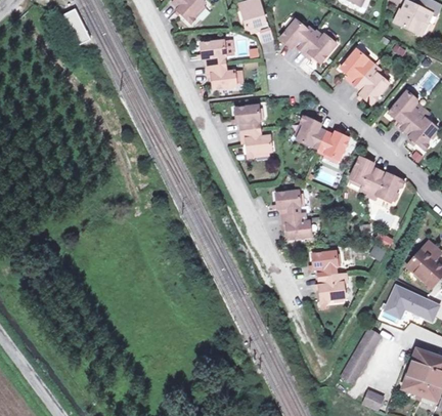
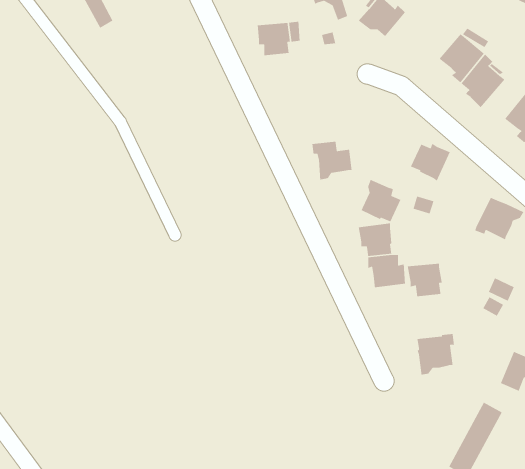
building: [298,31,335,64] -> none
building: [207,64,237,88] -> none
building: [236,106,262,131] -> none
building: [294,116,324,149] -> [361,179,402,223]
building: [347,158,377,194] -> none
building: [314,252,341,278] -> [407,263,443,297]

